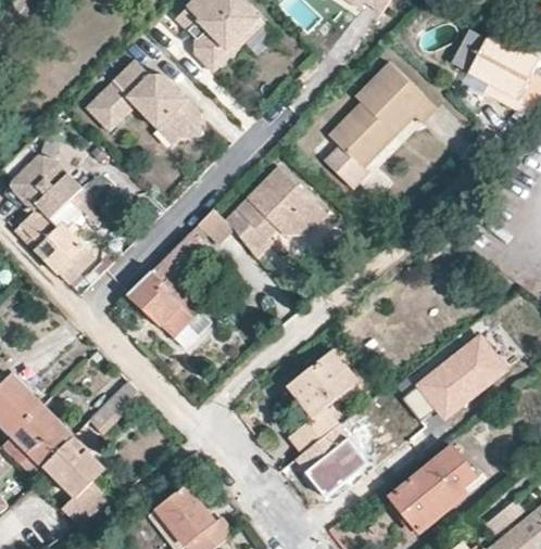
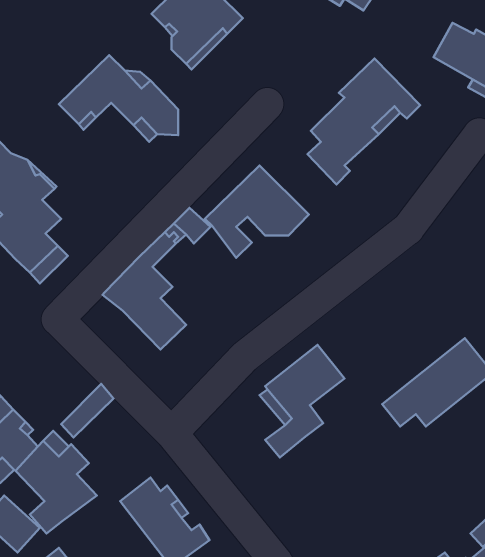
building: [292,418,374,496] -> none
building: [387,445,478,533] -> none

